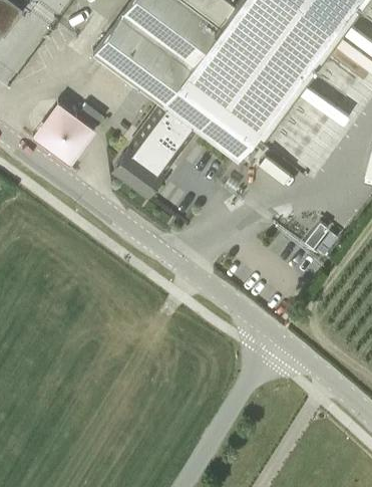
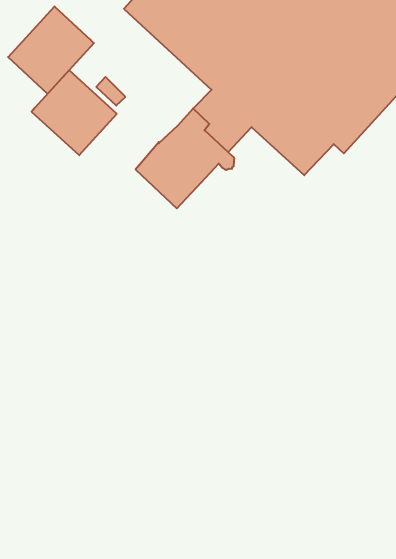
building: none -> [8,6,94,94]

